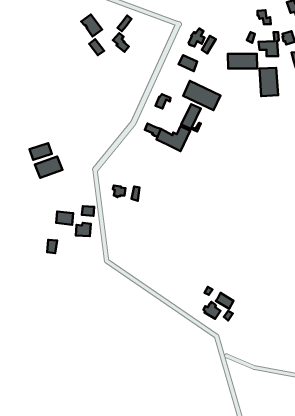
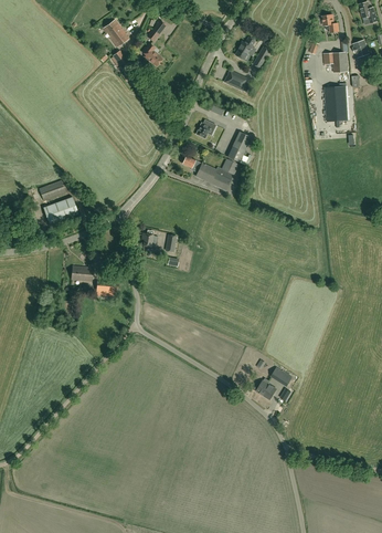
building: [228,54,257,68] -> none
building: [183,81,220,110] -> none

